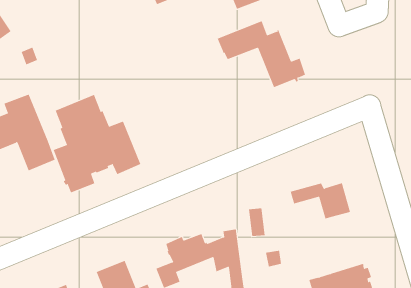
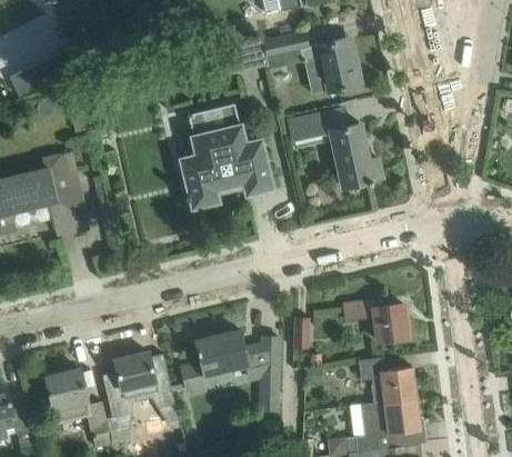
building: [53,94,141,193] -> [179,103,274,209]
building: none -> [358,357,418,403]

